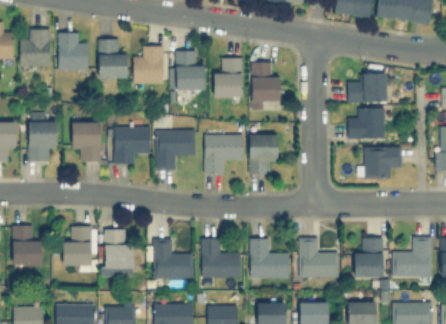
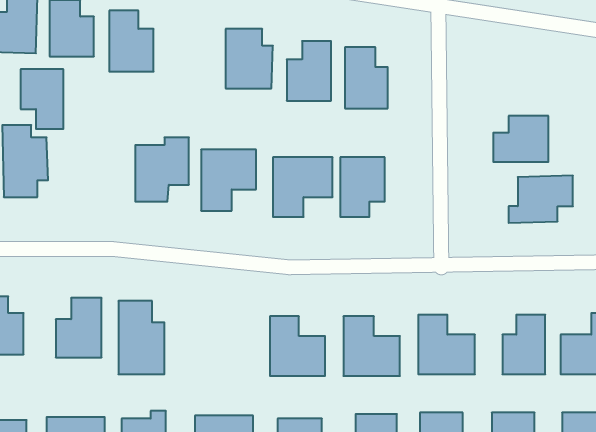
building: [134,47,164,84] -> none
building: [348,73,386,103] -> none
building: [73,123,101,162] -> [21,69,63,129]
building: [154,239,192,278] -> none

